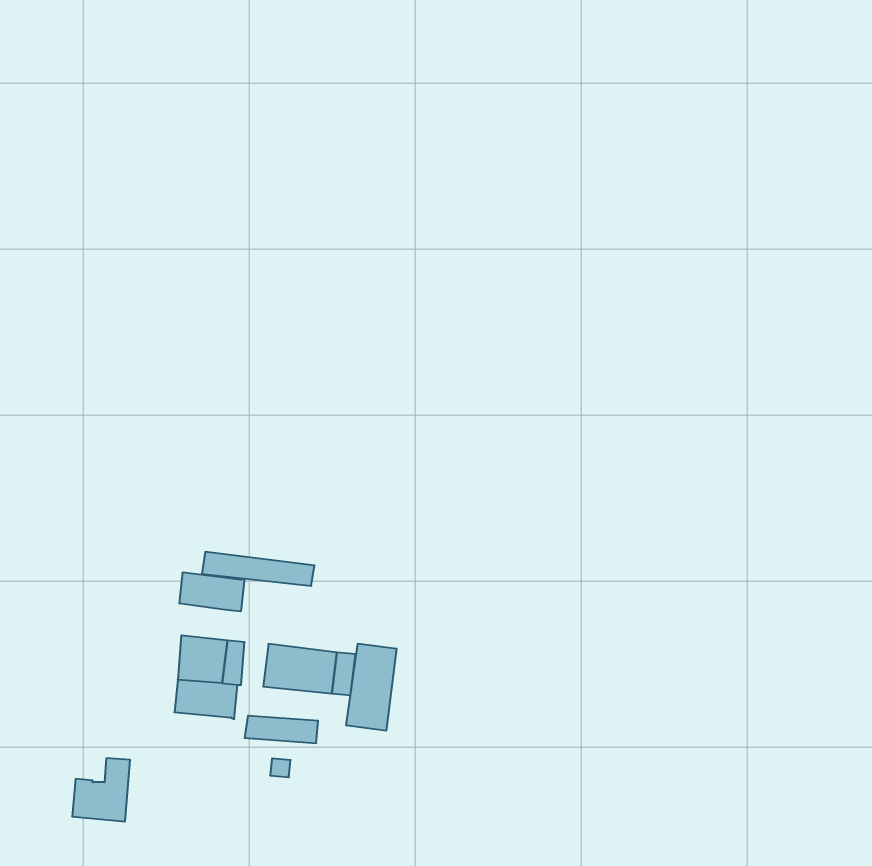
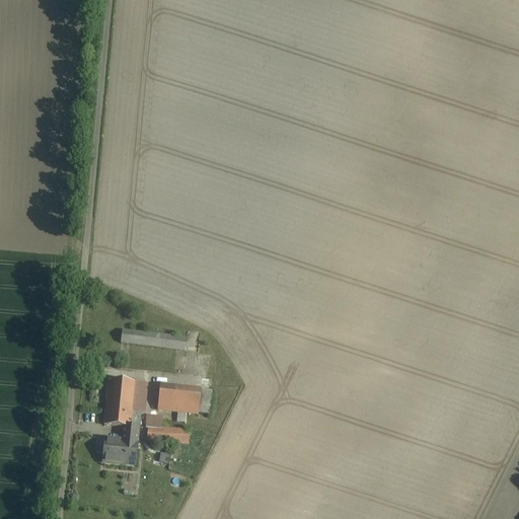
building: [179,572,245,611] -> none
building: [346,644,396,731] -> none
building: [72,758,130,821] -> [102,425,137,462]

